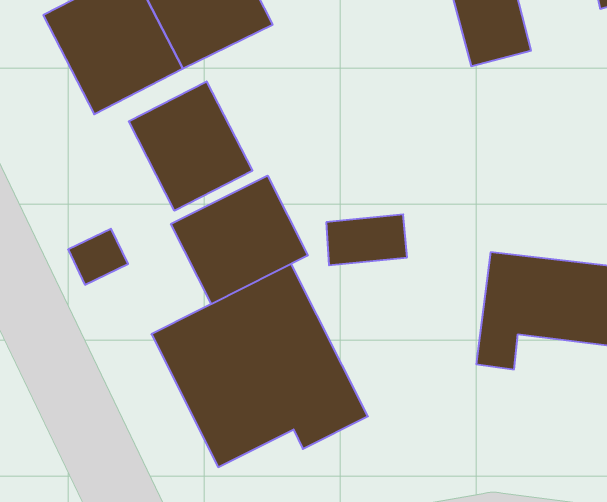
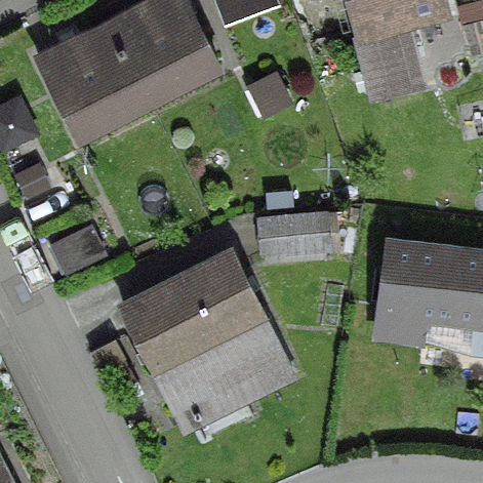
building: [129,81,252,211] -> none
building: [171,176,308,304] -> none

